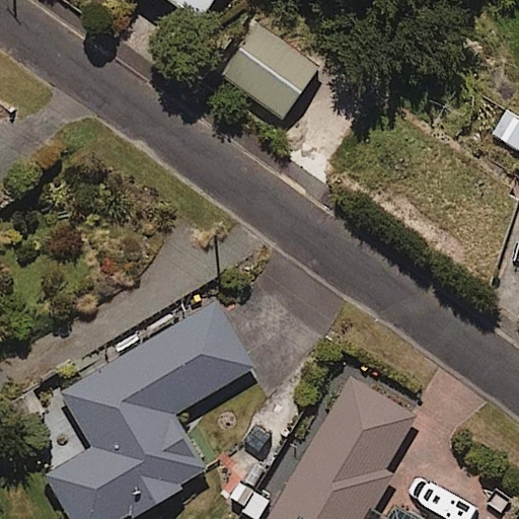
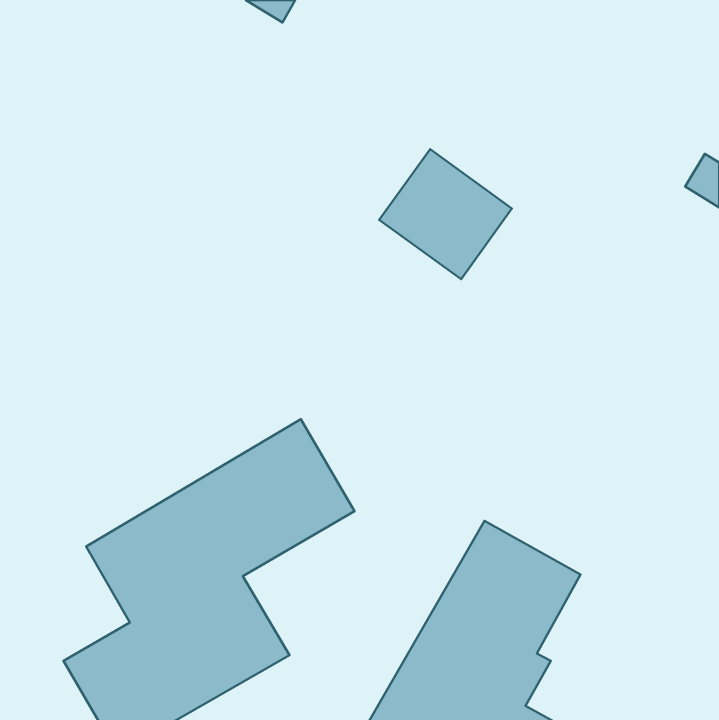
building: [222,25,317,119] -> [379,149,512,279]

